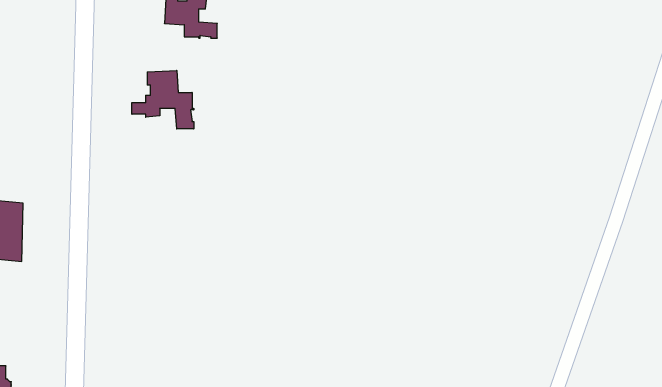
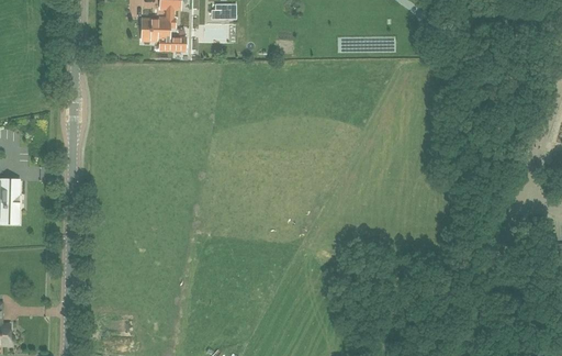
building: [132,70,194,129] -> none

